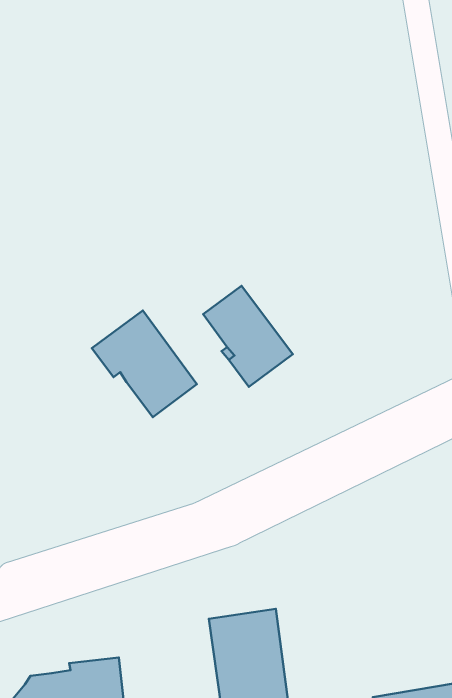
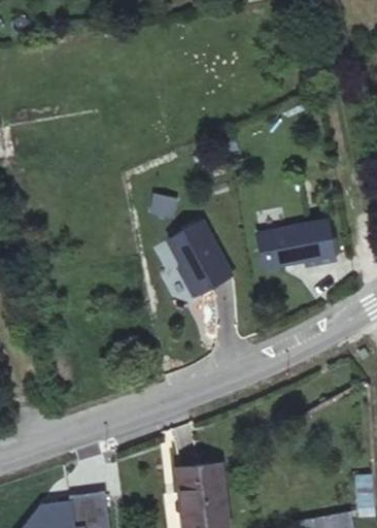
building: none -> [261,213,340,262]
building: [92,311,197,417] -> none

